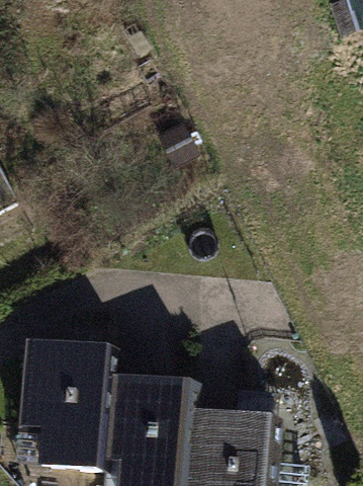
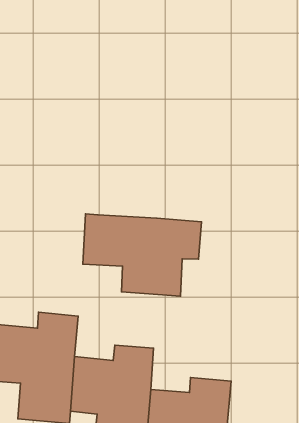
building: none -> [83,214,201,296]

